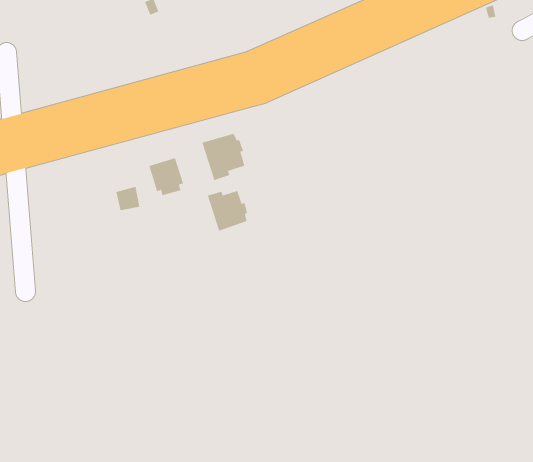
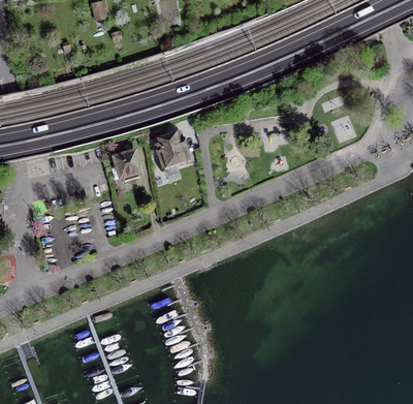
building: [207,190,248,232] -> none

